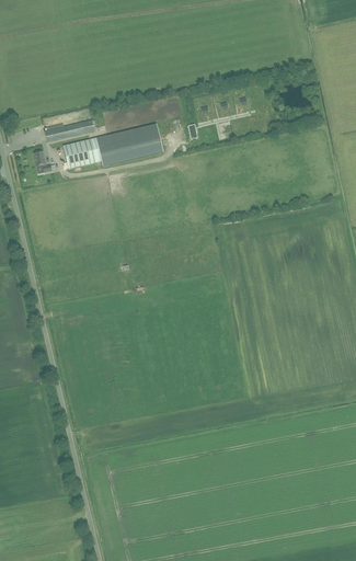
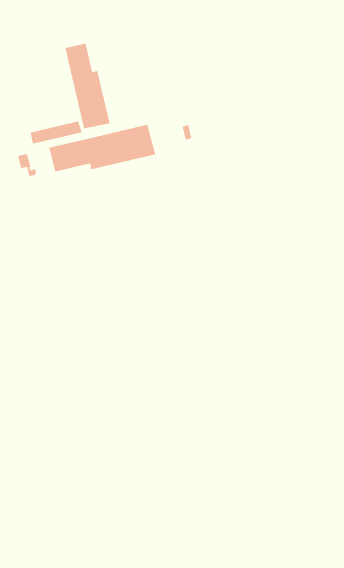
building: none -> [65,43,110,129]

